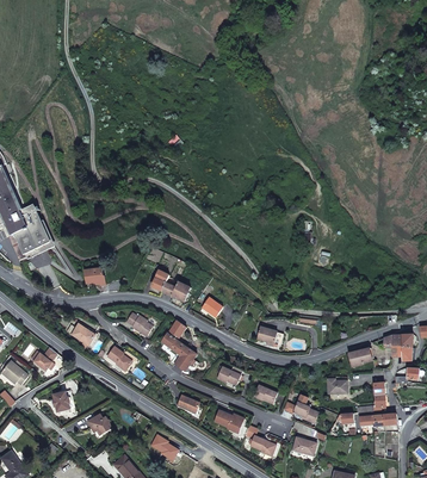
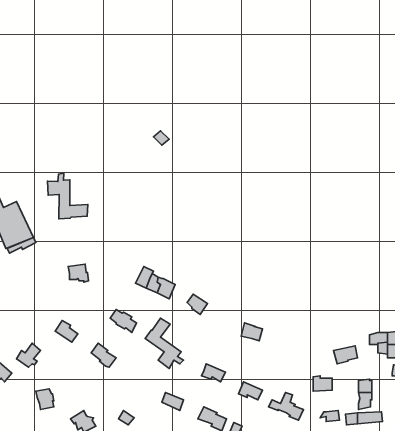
building: none -> [47,173,88,219]

